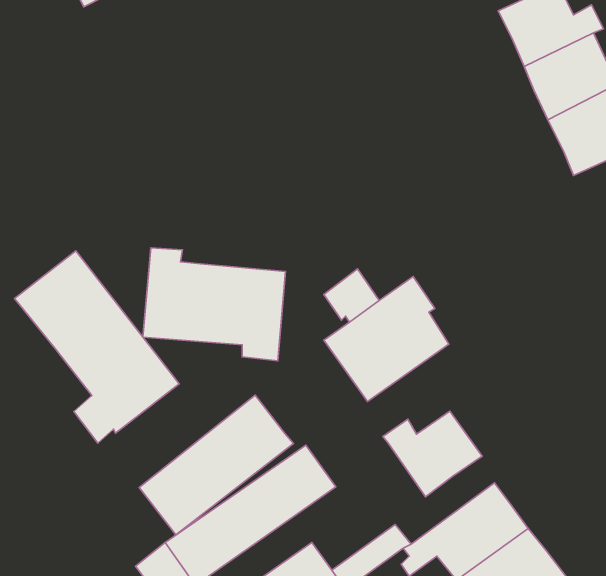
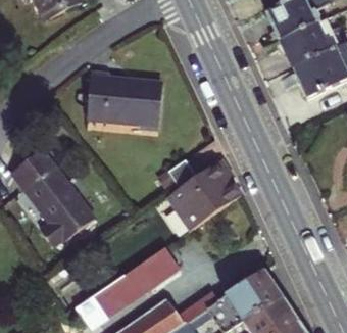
building: [143,248,286,361] -> [93,80,166,138]
building: [139,395,294,535] -> none
building: [383,411,482,497] -> none

